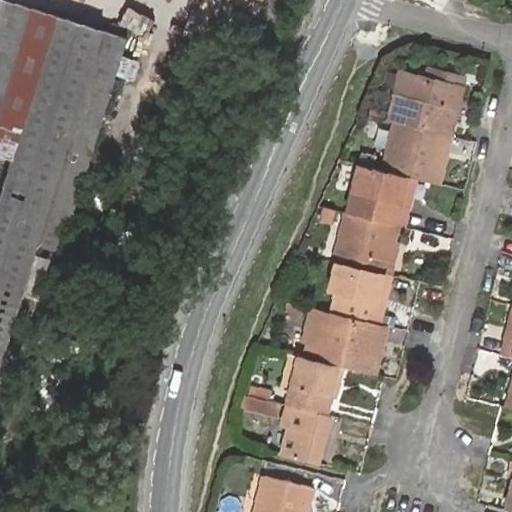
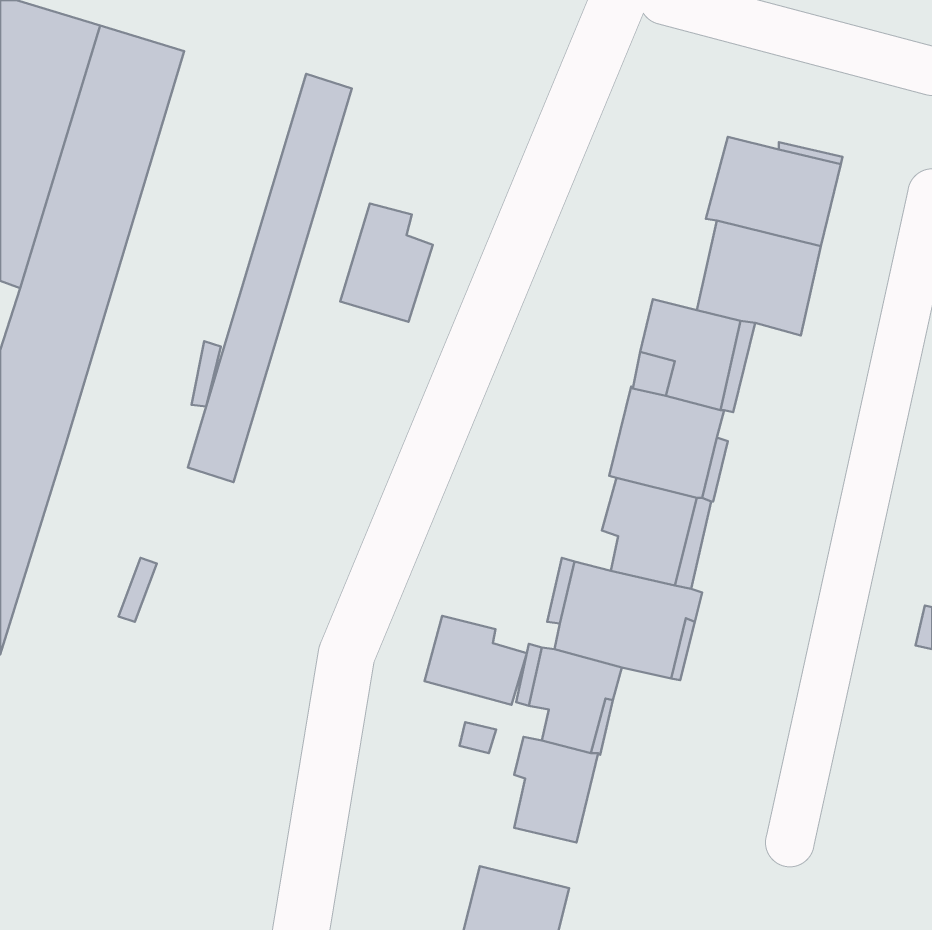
building: [36,29,126,253] -> [188,74,352,482]
building: none -> [340,203,433,322]
building: none -> [424,616,527,705]

